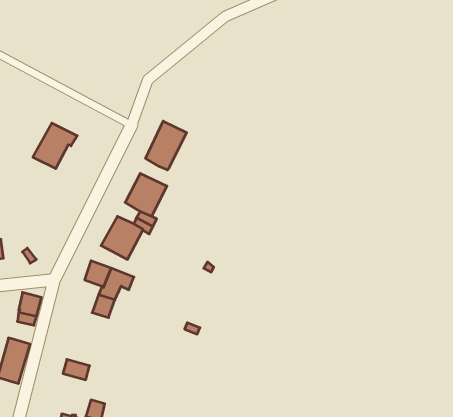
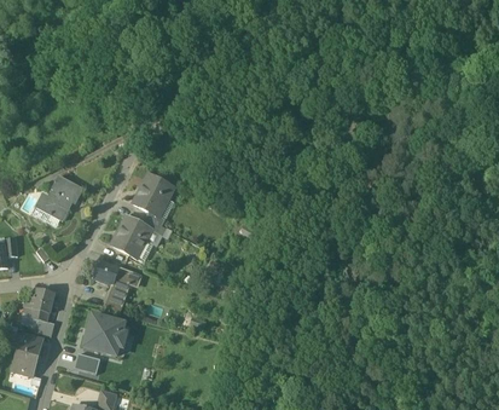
building: [146,121,187,170] -> none
building: [33,123,77,169] -> [41,175,83,219]
building: none -> [82,314,124,354]

